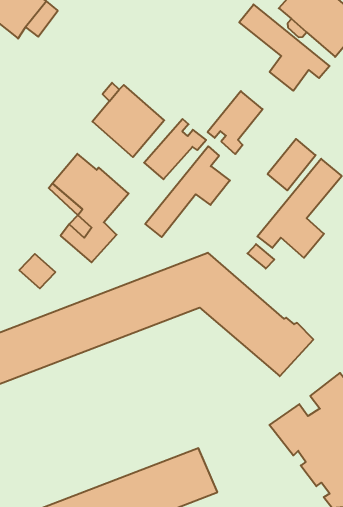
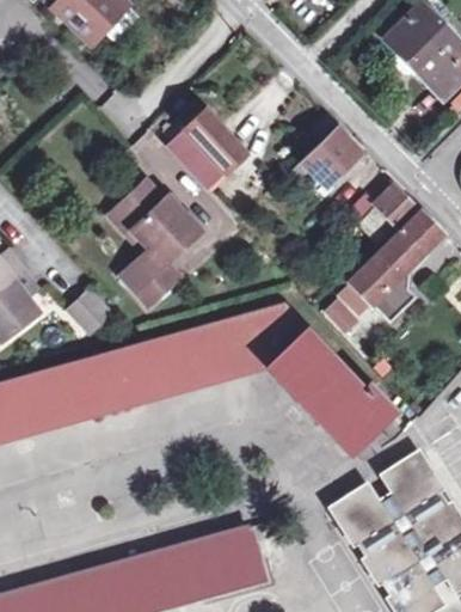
building: [239,4,330,91] -> none
building: [144,119,206,179] -> none
building: [145,146,230,237] -> none

